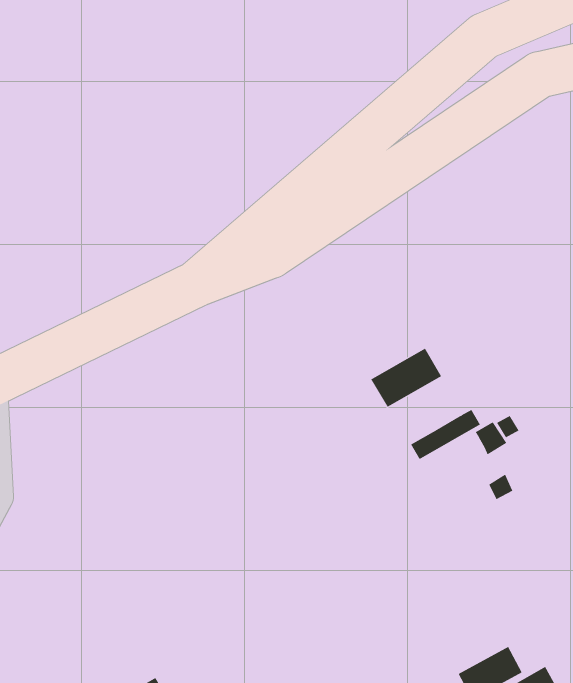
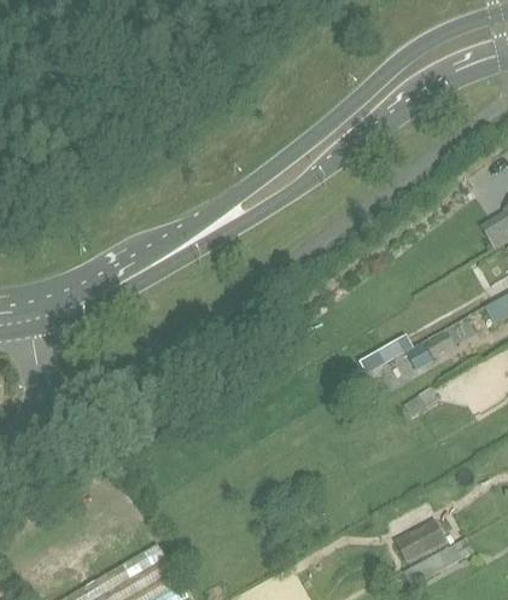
building: [371,348,442,408] -> none

